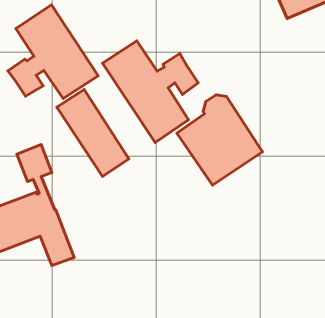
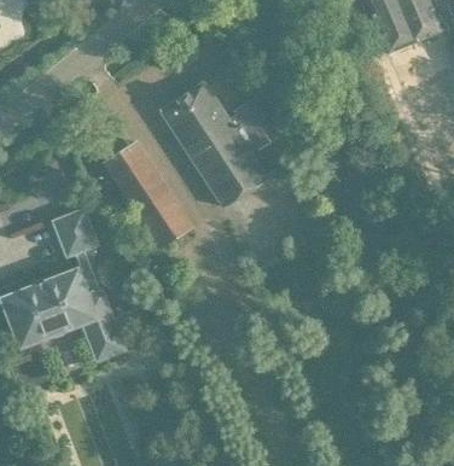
building: [8,5,98,99] -> none
building: [177,95,262,185] -> none

